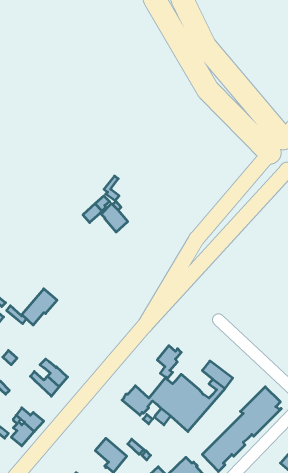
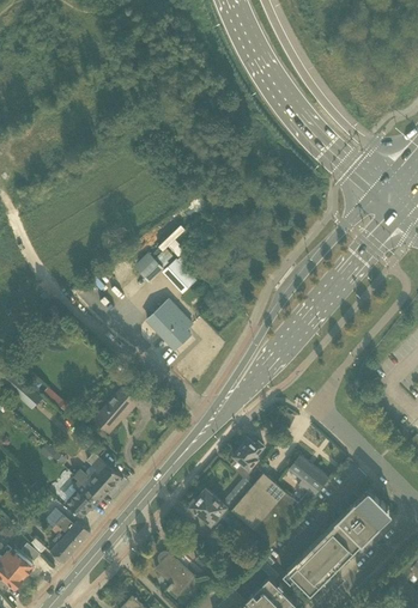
building: none -> [155,300,193,351]
building: [22,289,57,325] -> [95,388,139,433]
building: none -> [67,482,101,518]

